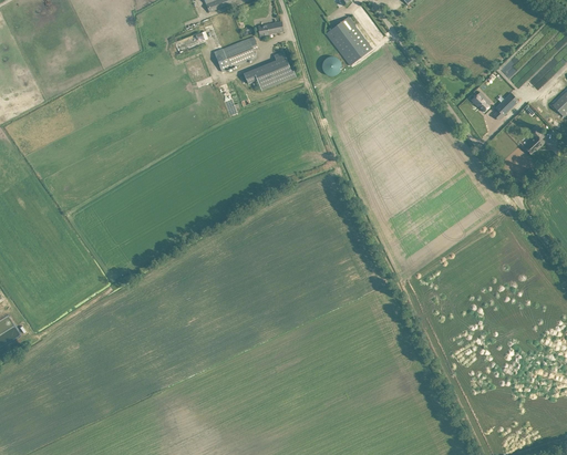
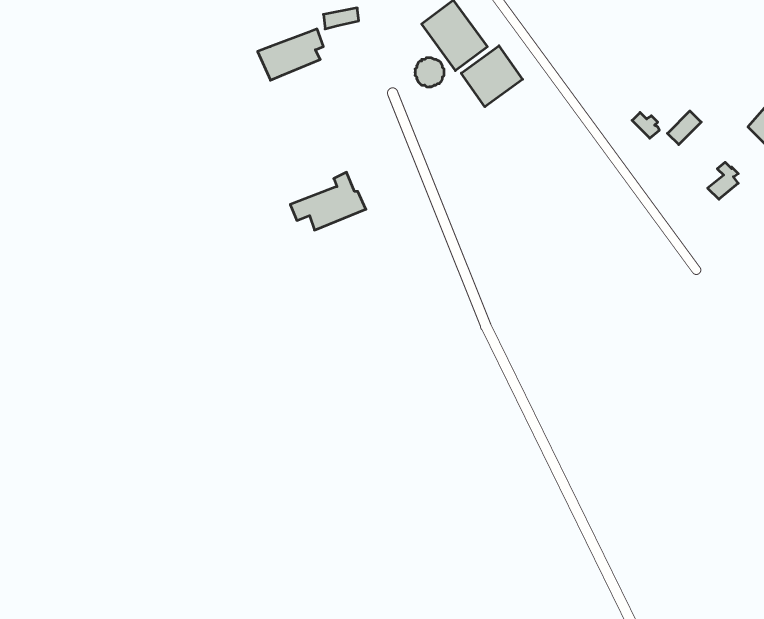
building: none -> [461,46,523,107]
building: [244,50,296,90] -> [290,172,366,230]

